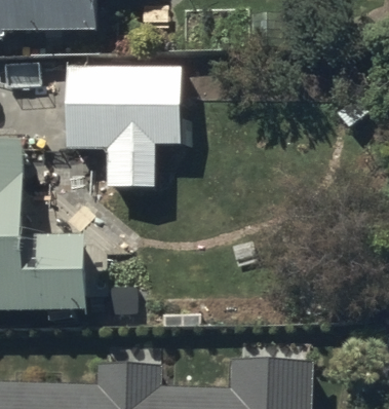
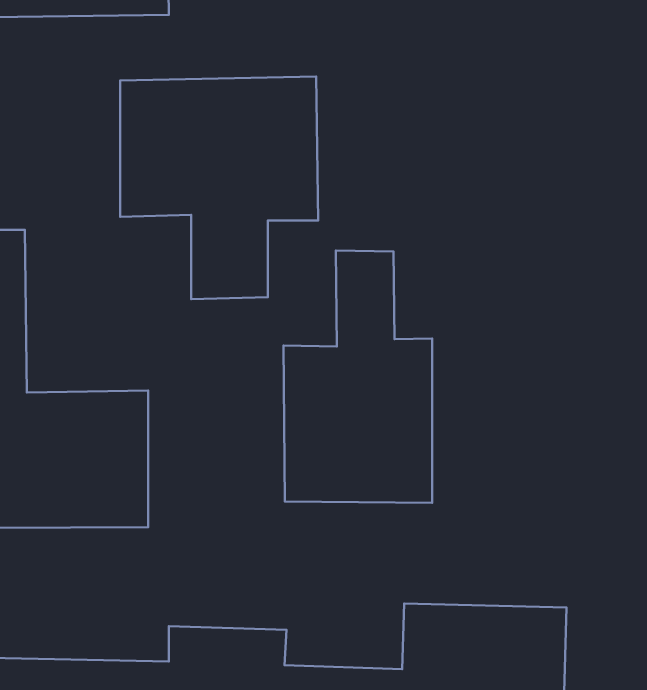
building: none -> [283,251,432,503]

